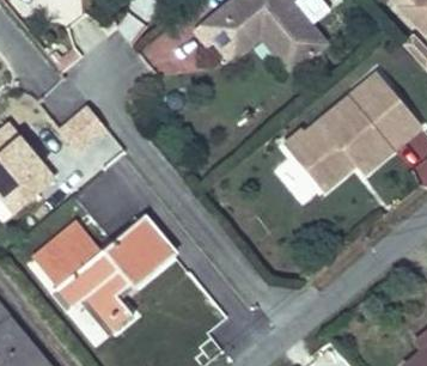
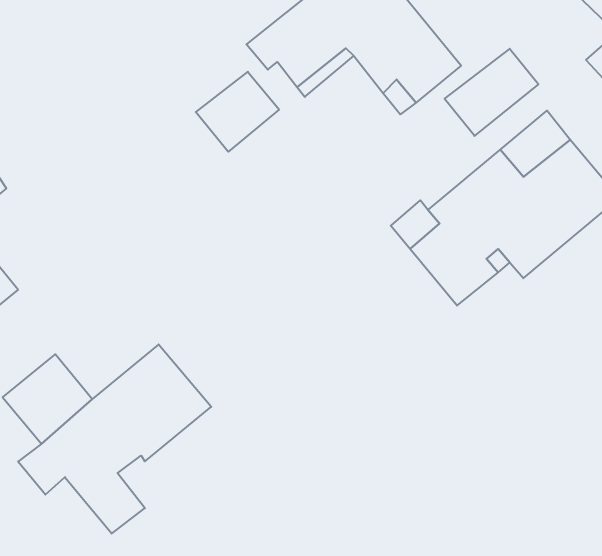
building: none -> [445,49,538,136]
building: none -> [196,72,279,152]

